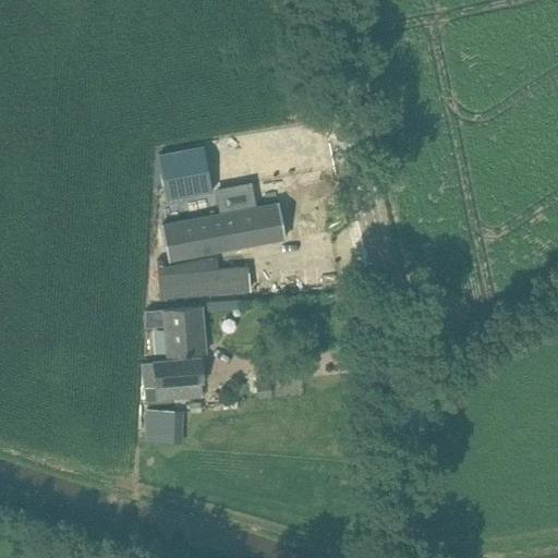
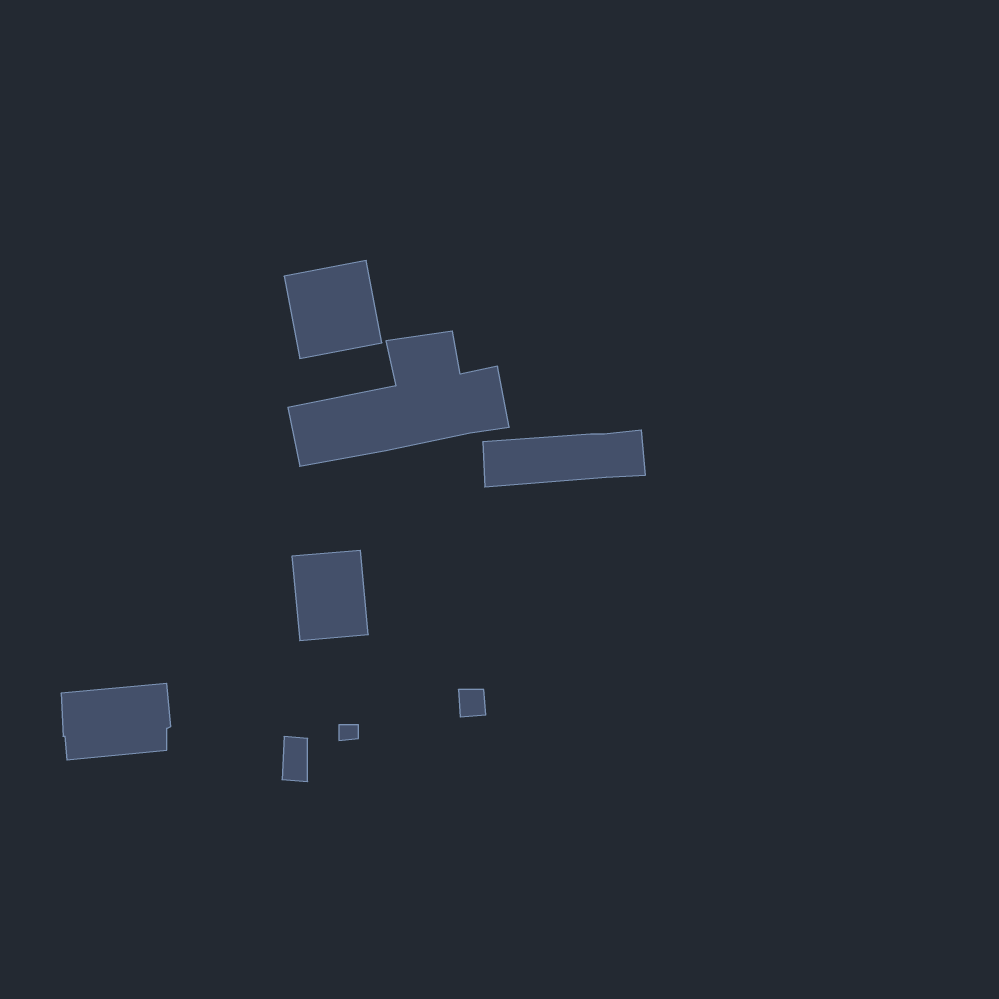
building: [158,267,248,299] -> [483,430,645,487]
building: [143,359,204,401] -> [61,683,171,760]

